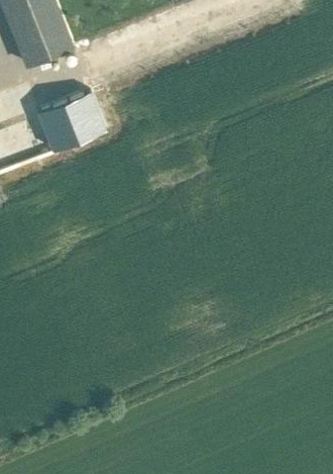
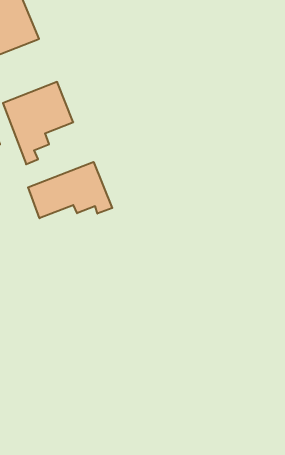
building: none -> [28,162,112,218]

